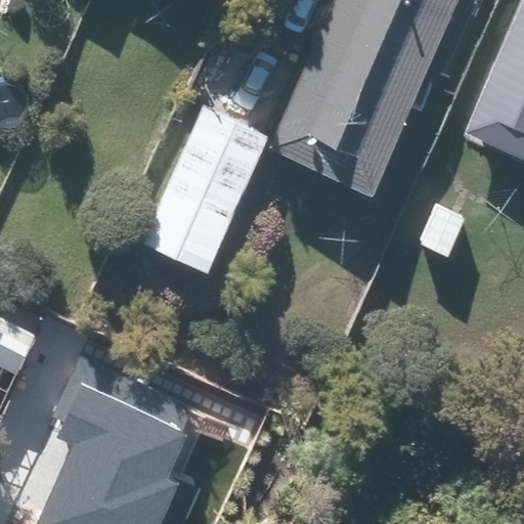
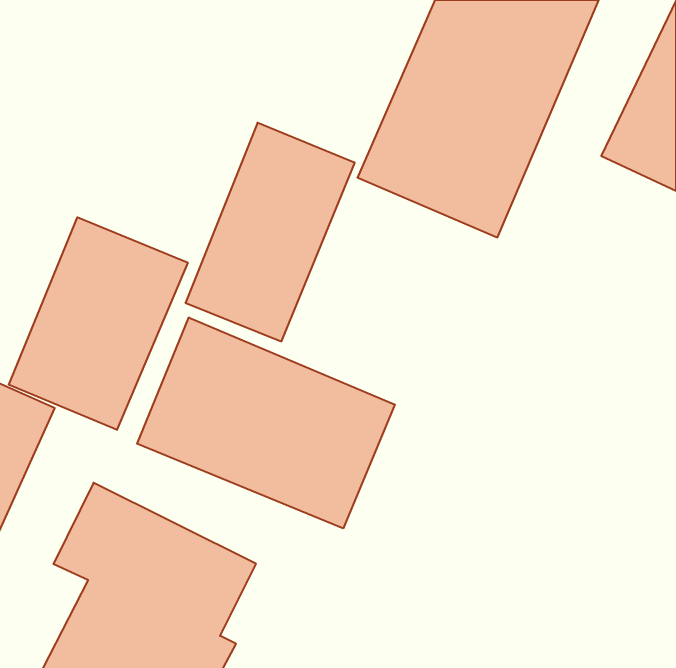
building: none -> [9,217,188,430]
building: none -> [137,317,395,528]

